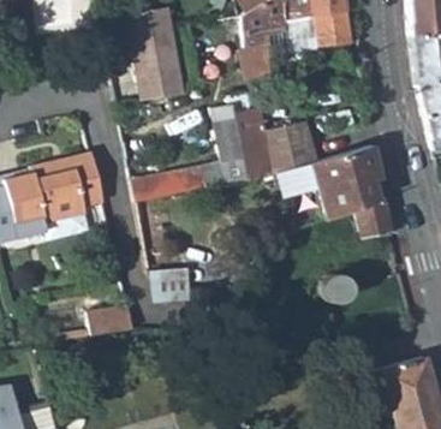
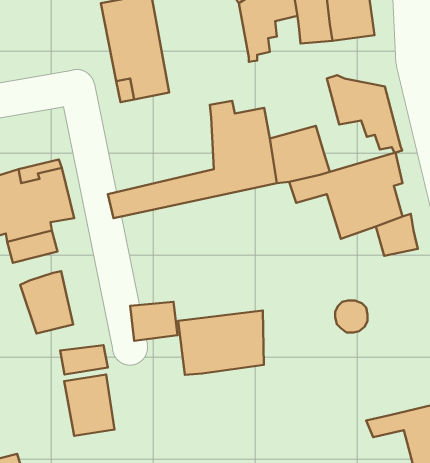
building: none -> [327,75,402,153]
building: none -> [20,271,73,334]
building: none -> [178,311,264,375]
building: none -> [64,374,115,436]

